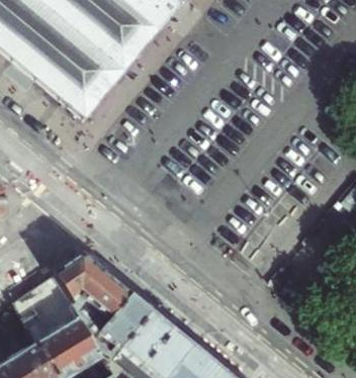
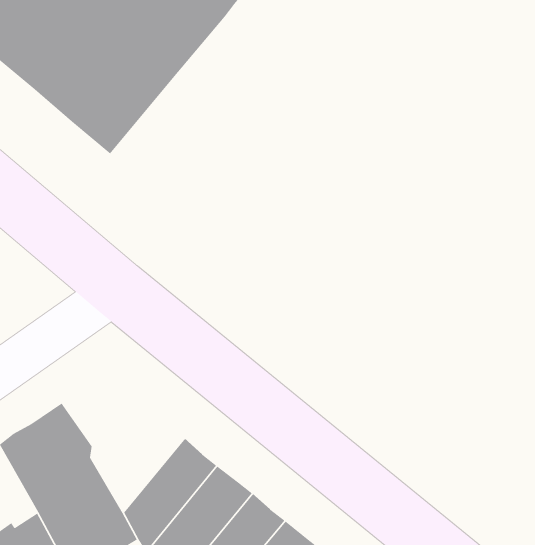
building: [55,250,131,338] -> none

